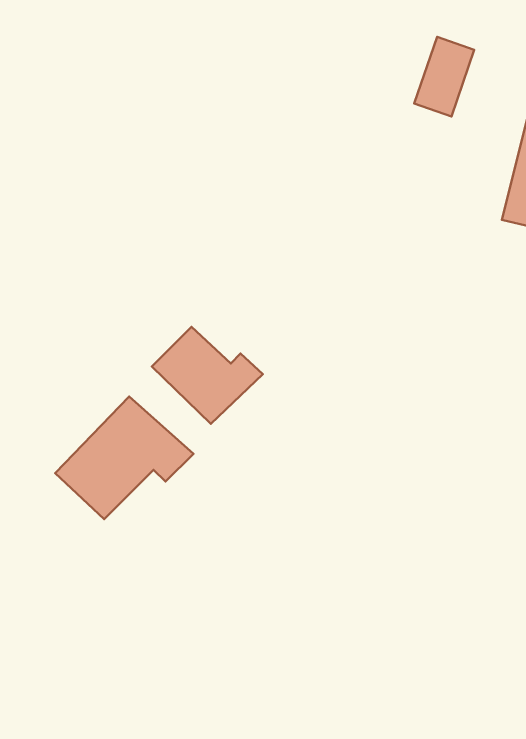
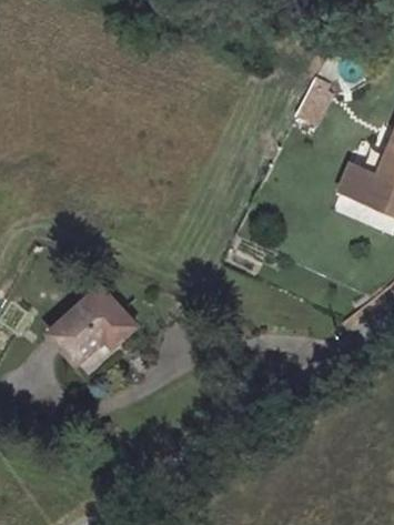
building: [152,327,263,424] -> none

